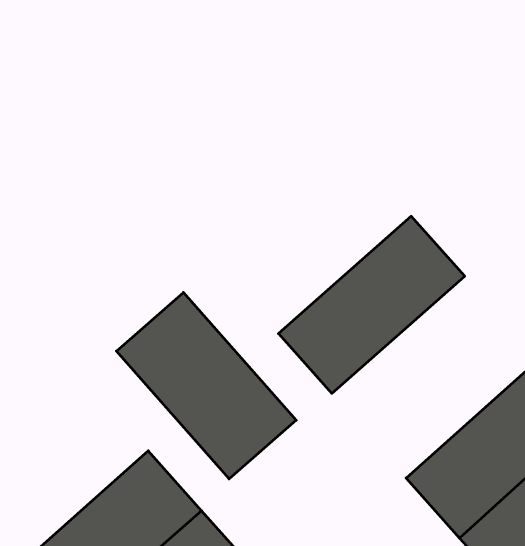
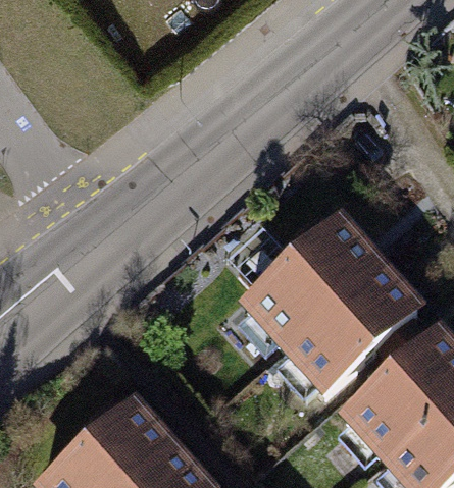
building: none -> [278,255,424,394]
building: [116,292,296,479] -> none

